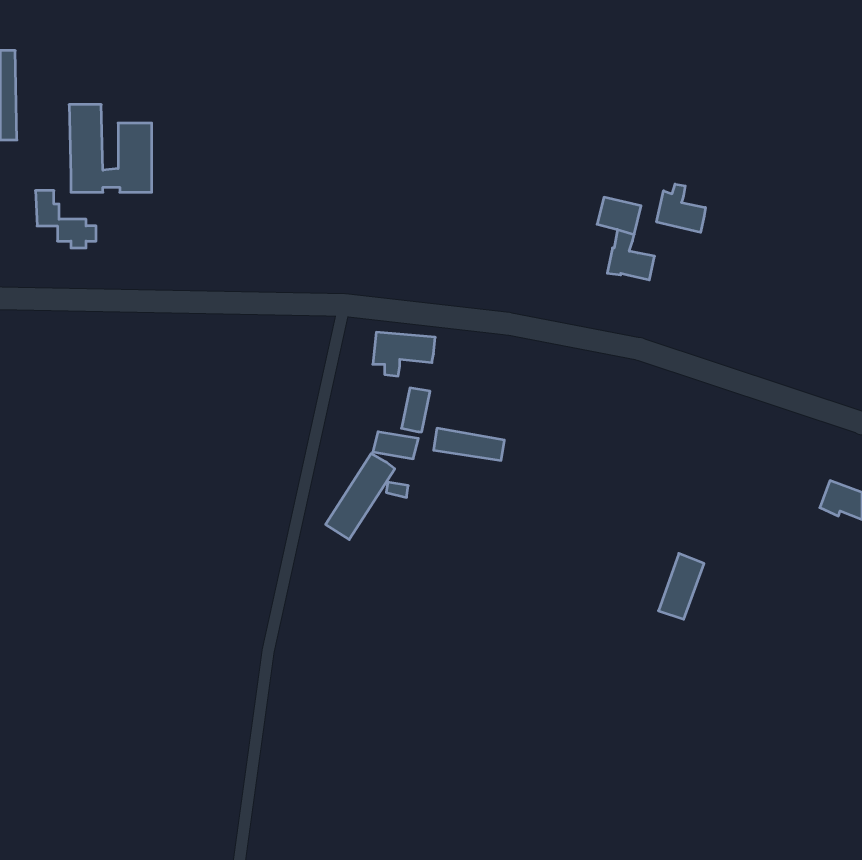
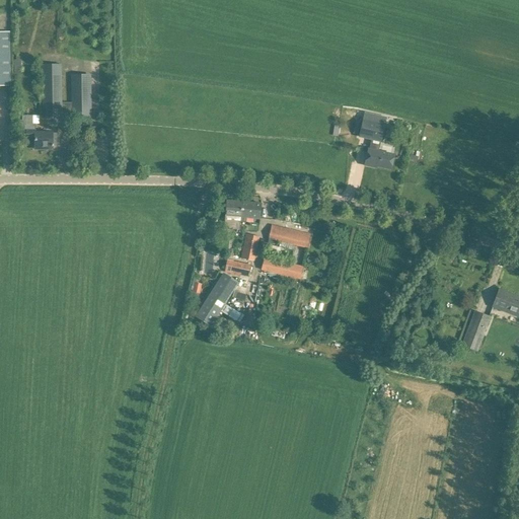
building: [657,184,705,232] -> none
building: none -> [268,223,311,248]
building: [658,553,704,619] -> [462,310,490,350]

